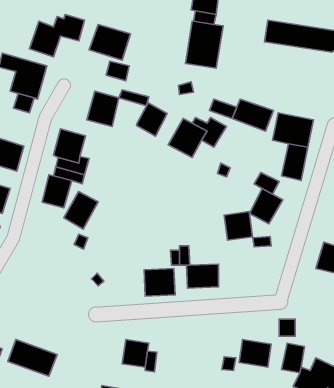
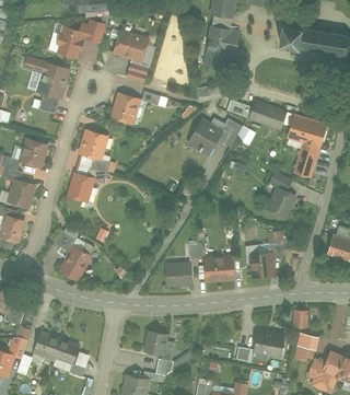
building: [136,103,167,136] -> none
building: [64,191,98,229] -> [60,246,93,282]
building: [224,212,253,240] -> [248,253,276,280]

